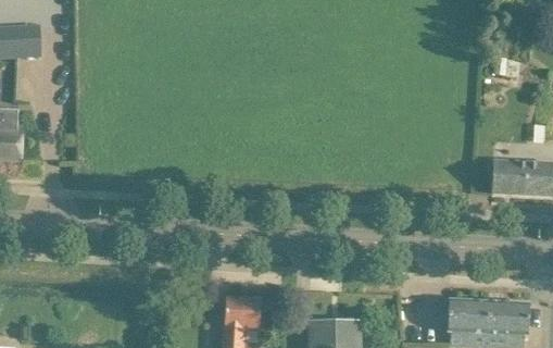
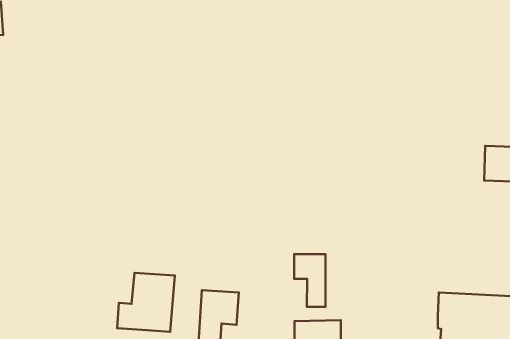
building: none -> [294,254,325,307]
building: none -> [117,273,175,332]

